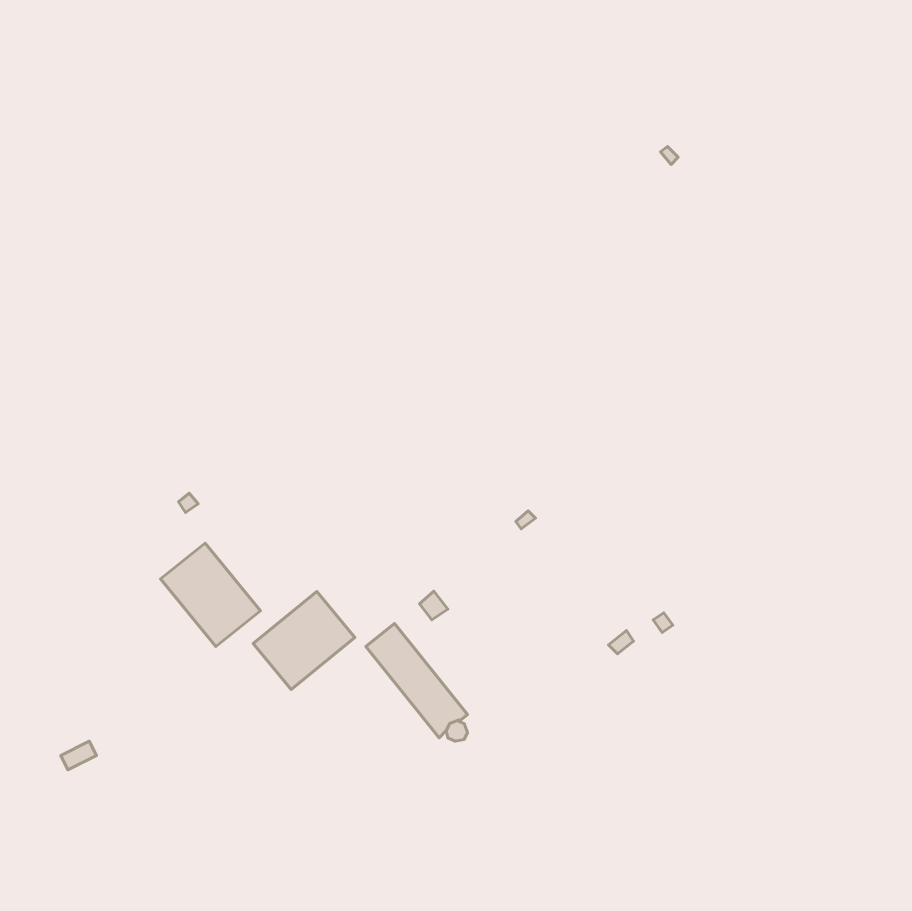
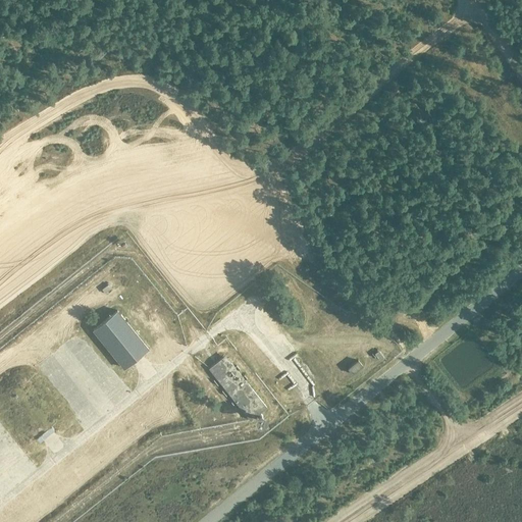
building: [253,592,355,689] -> none

